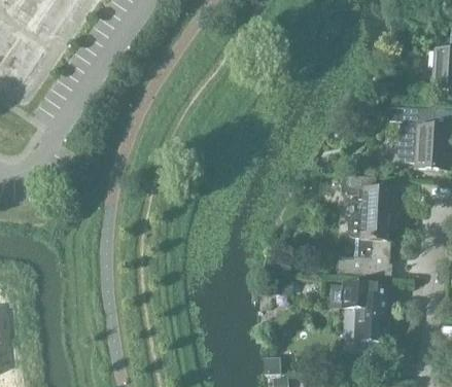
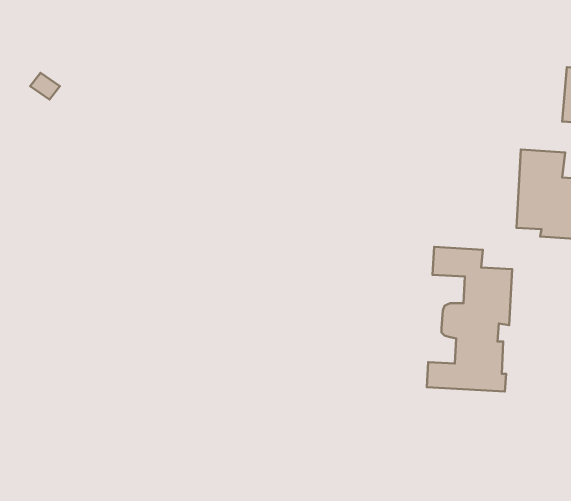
building: [341,282,388,342] -> none

